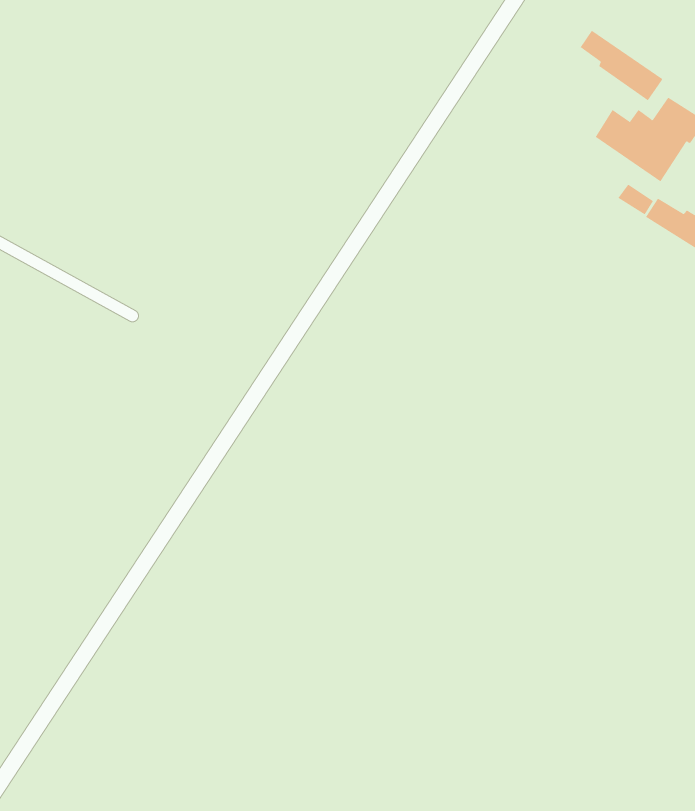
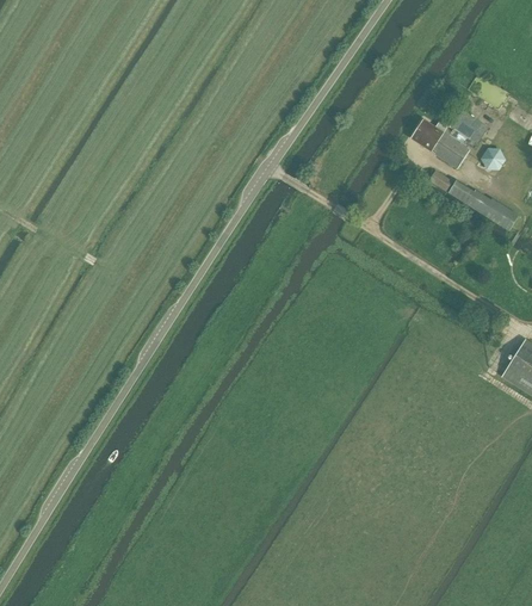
building: [580,30,663,101] -> none

